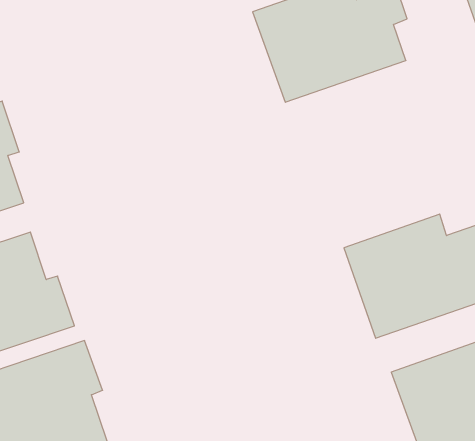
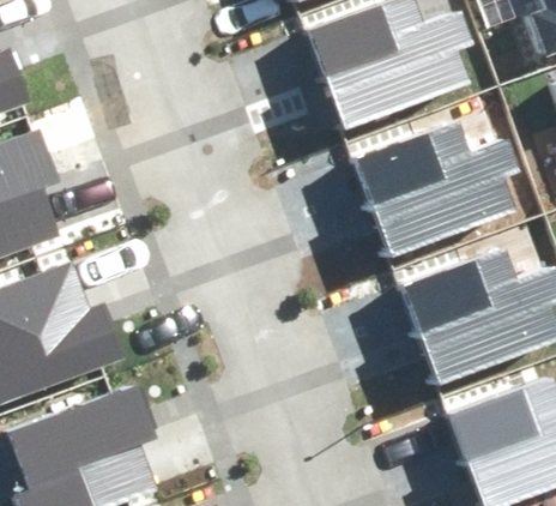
building: none -> [359,120,524,252]

